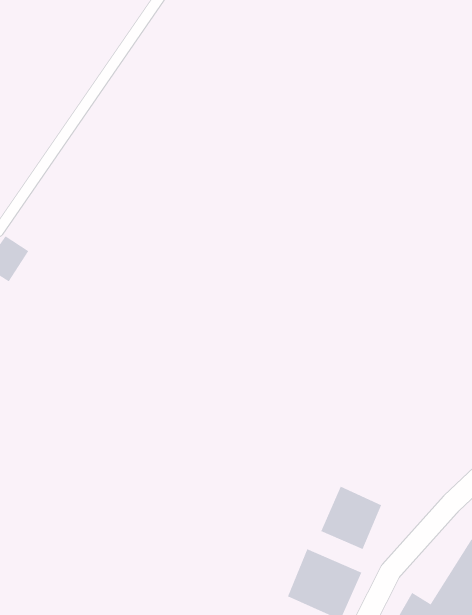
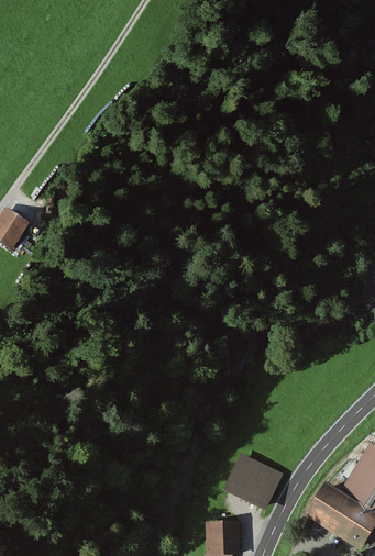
building: [320,486,382,550] -> none

